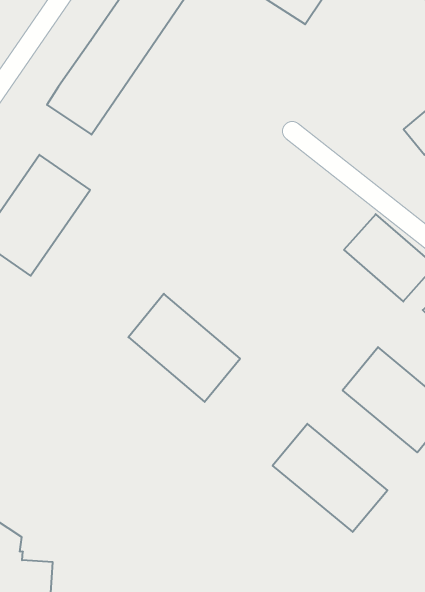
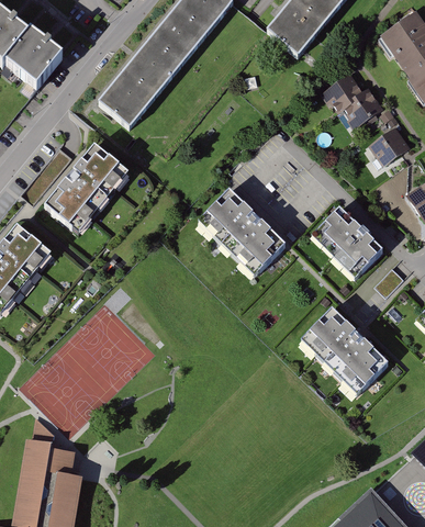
building: none -> [321,75,380,126]
building: [128,294,240,402] -> [200,188,283,272]
building: [273,424,387,532] -> none

